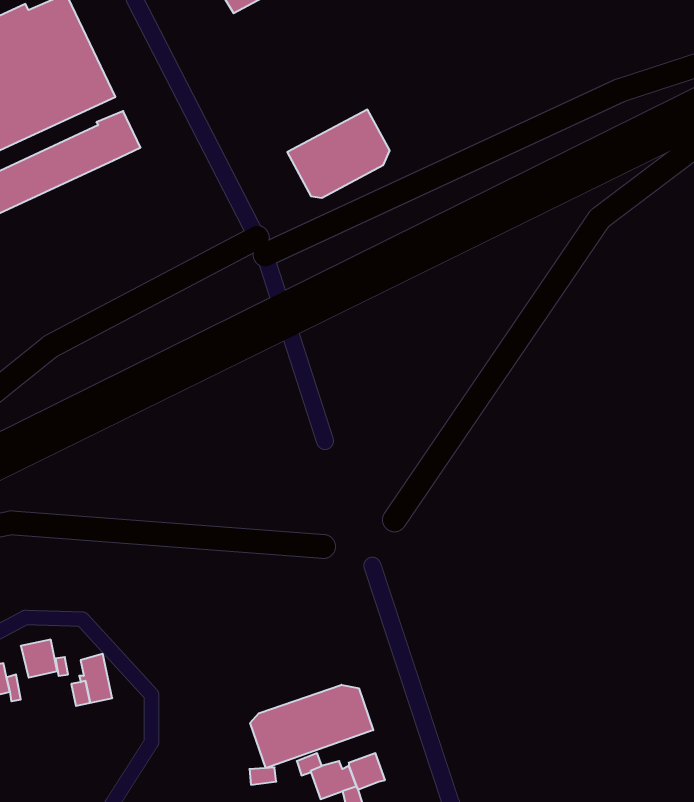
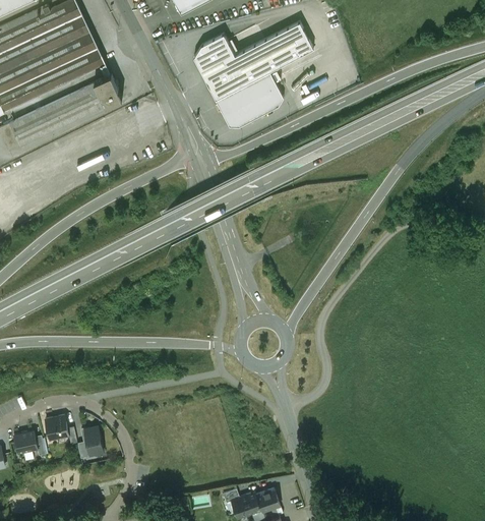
building: none -> [193,21,313,100]
building: [250,685,373,768] -> none

